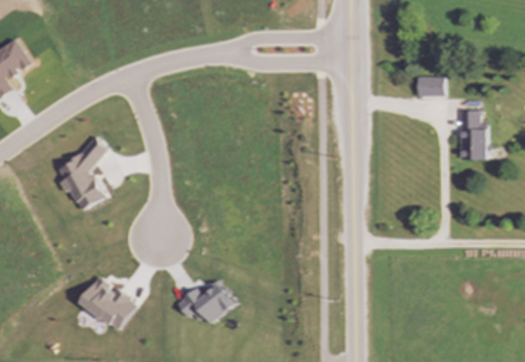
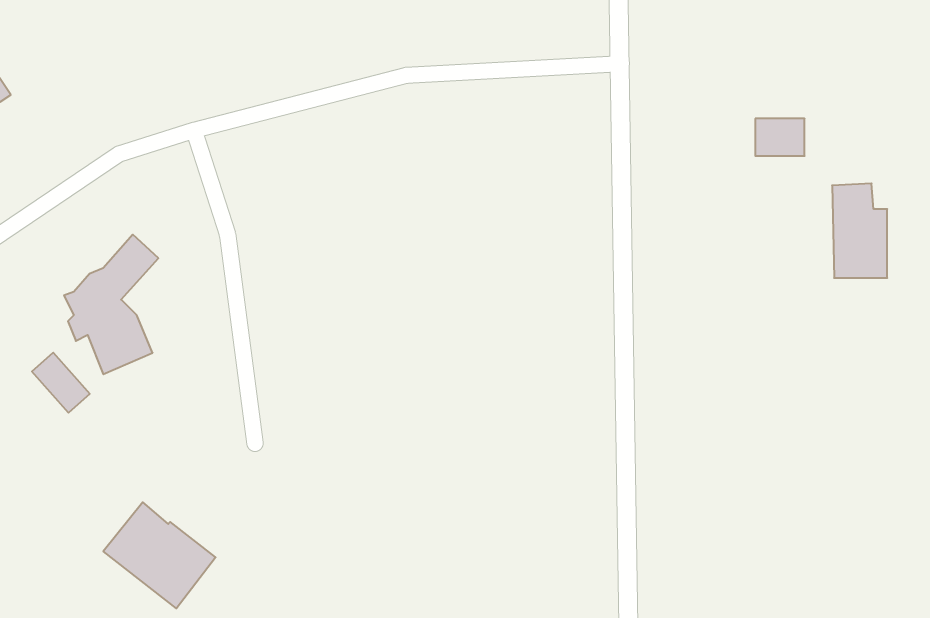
building: none -> [32,353,90,413]
building: [178,280,235,323] -> none

